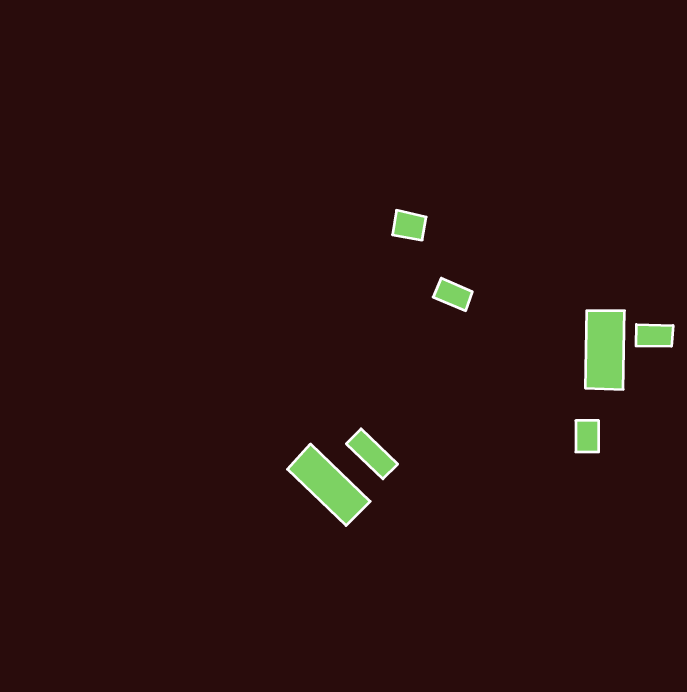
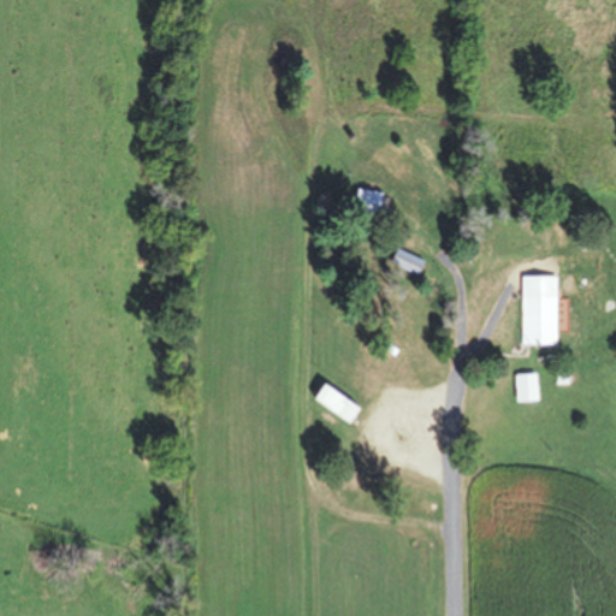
building: [636,324,673,346] -> none
building: [287,444,370,526] -> none

